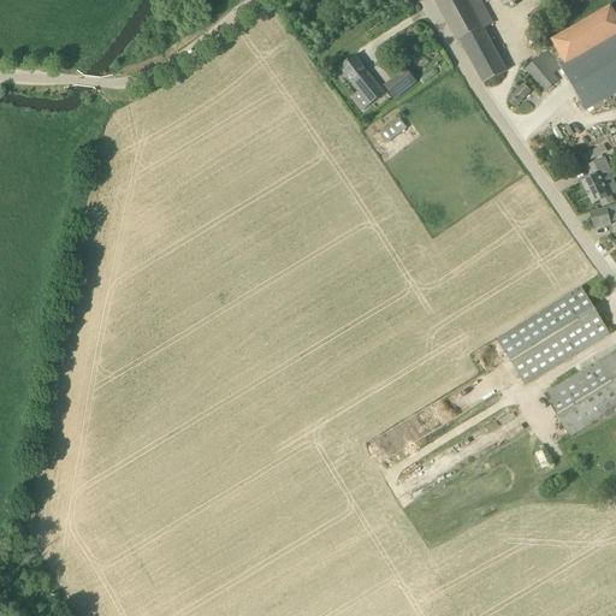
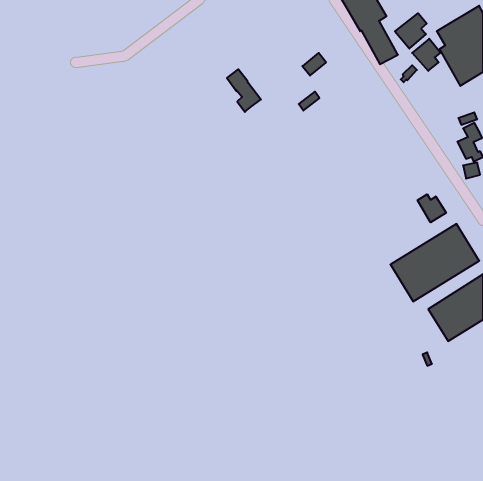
building: none -> [395,13,427,49]
building: [340,54,384,108] -> [227,69,261,112]
building: none -> [418,194,446,222]

